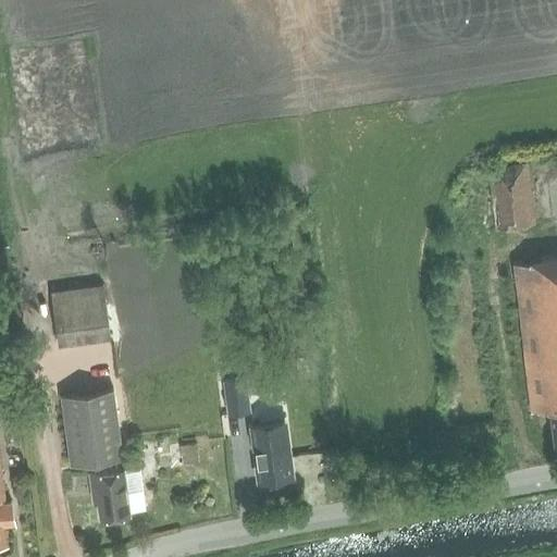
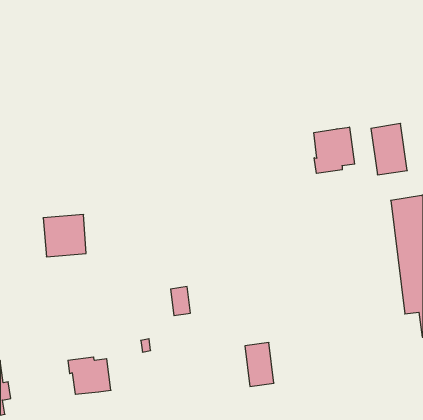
building: none -> [314,127,355,173]
building: [60,393,122,470] -> none
building: [251,425,289,483] -> [245,343,274,386]

